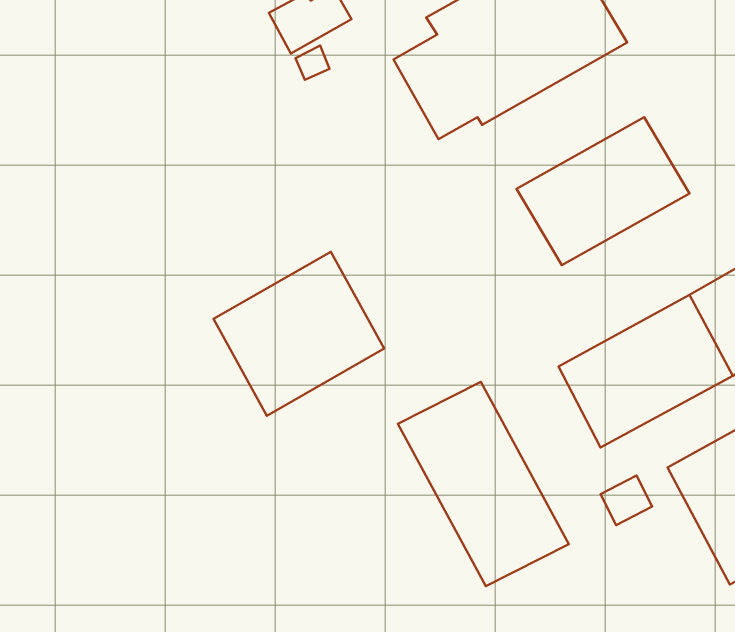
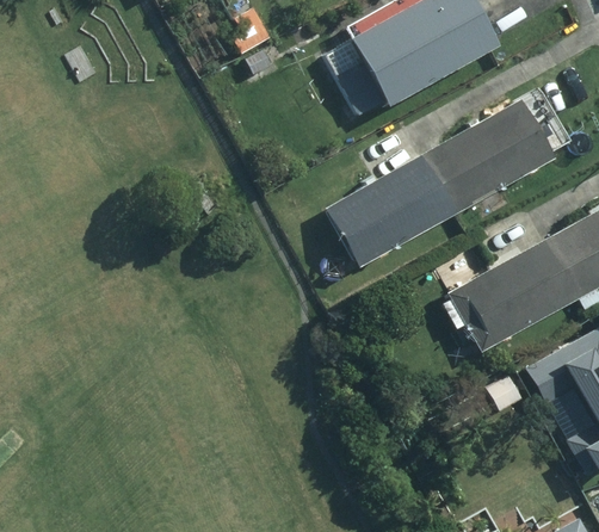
building: none -> [322,155,453,270]
building: [214,252,384,416] -> none
building: [398,382,569,586] -> none

